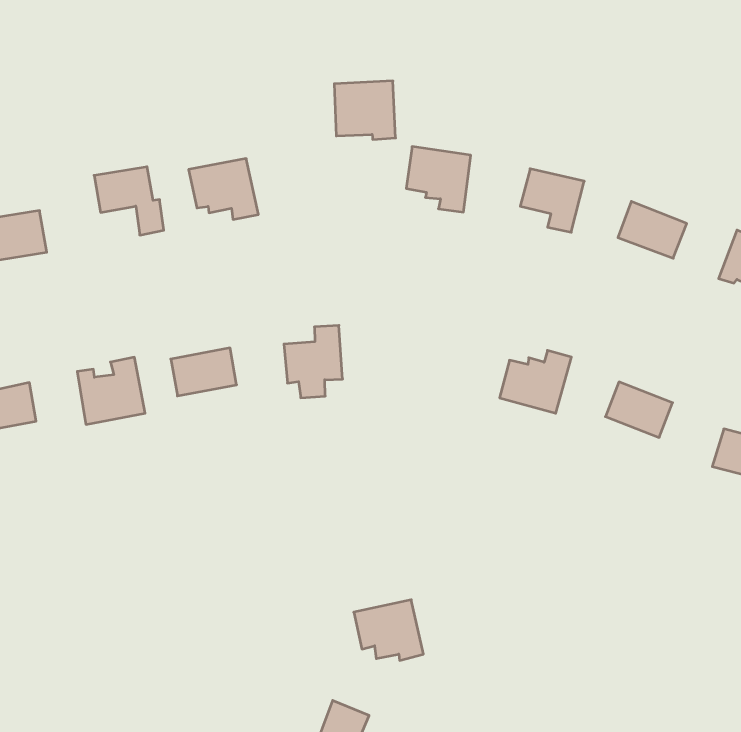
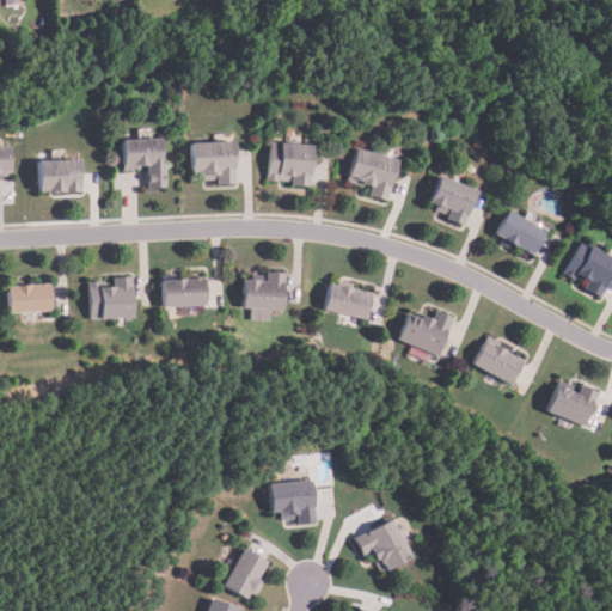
building: [334,81,396,139] -> [269,141,316,187]
building: none -> [324,283,372,319]
building: none -> [355,515,415,572]

